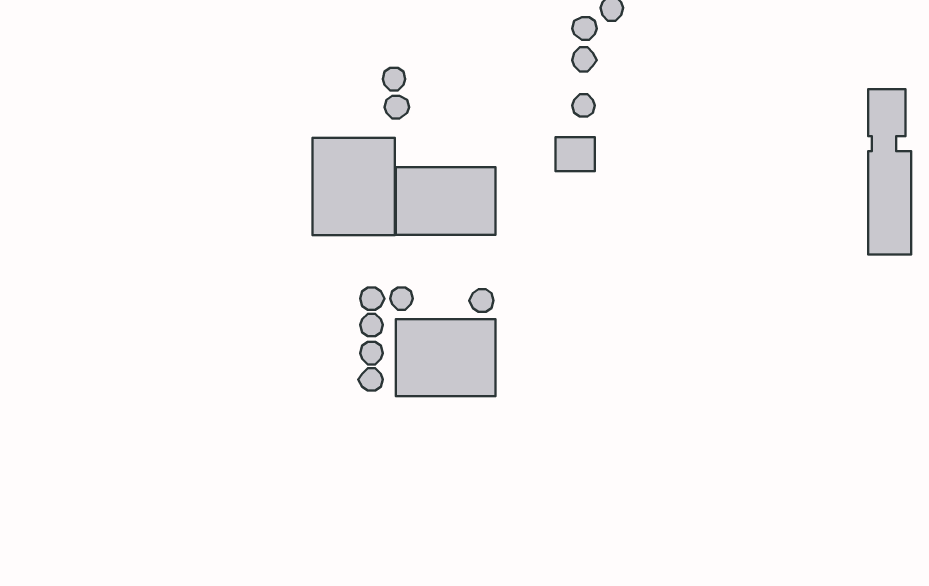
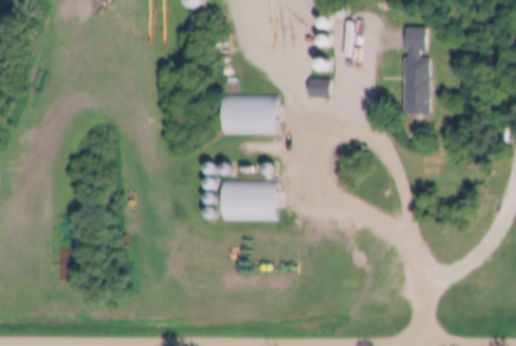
building: [868,89,911,254] -> [405,28,428,117]
building: [313,138,395,235] -> none

